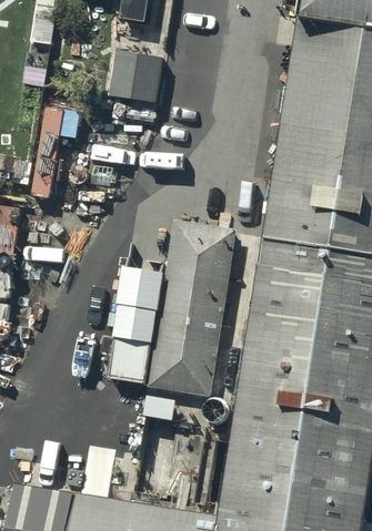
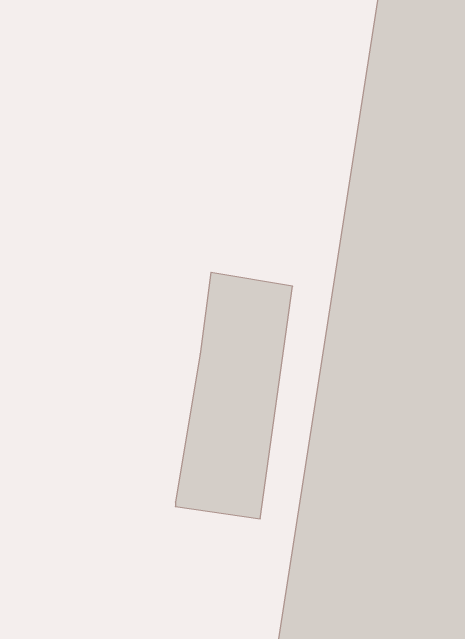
building: [111,50,161,101] -> none
building: [109,270,167,384] -> none

